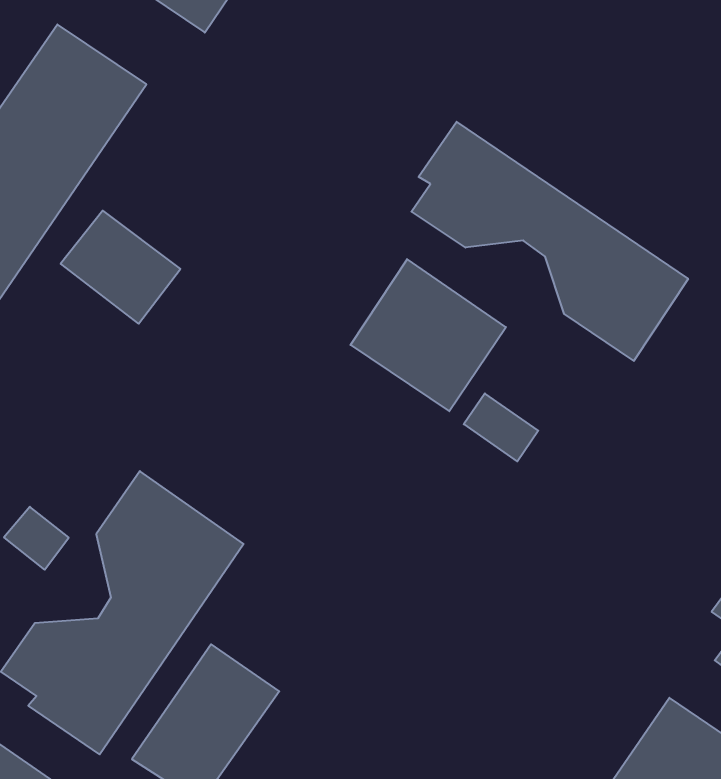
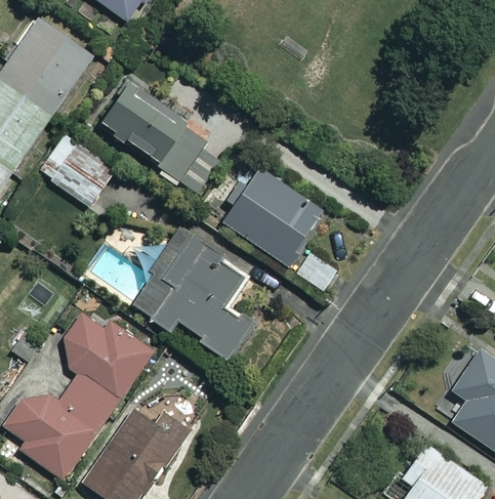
building: [411,122,688,361] -> none
building: none -> [97,84,224,192]
building: none -> [132,233,250,358]

